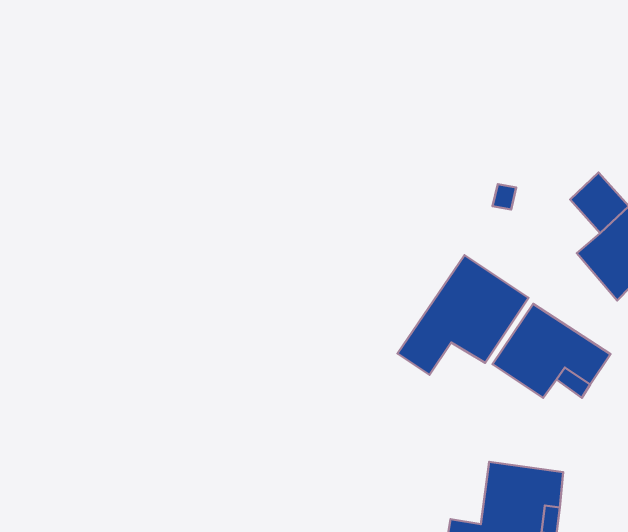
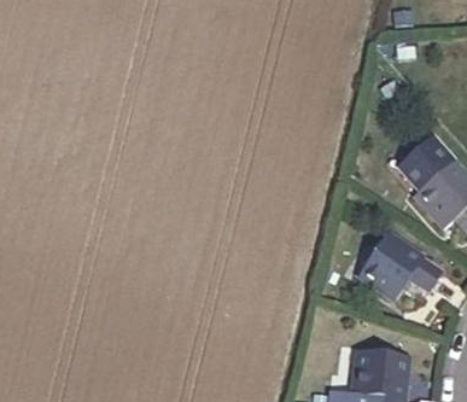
building: [398,255,529,375] -> none

